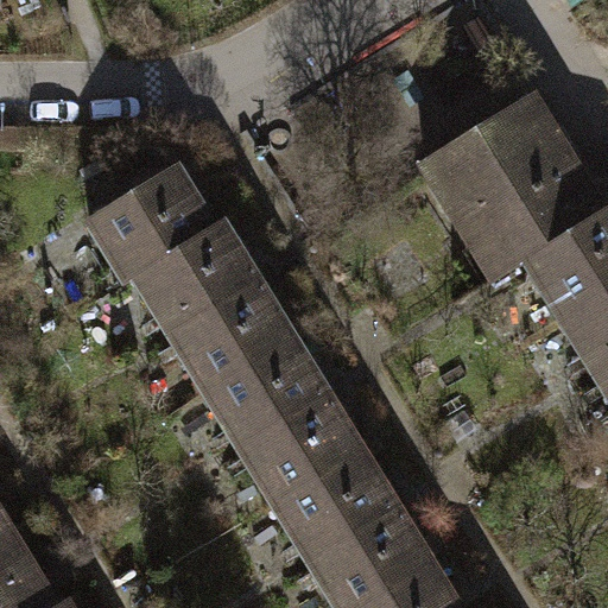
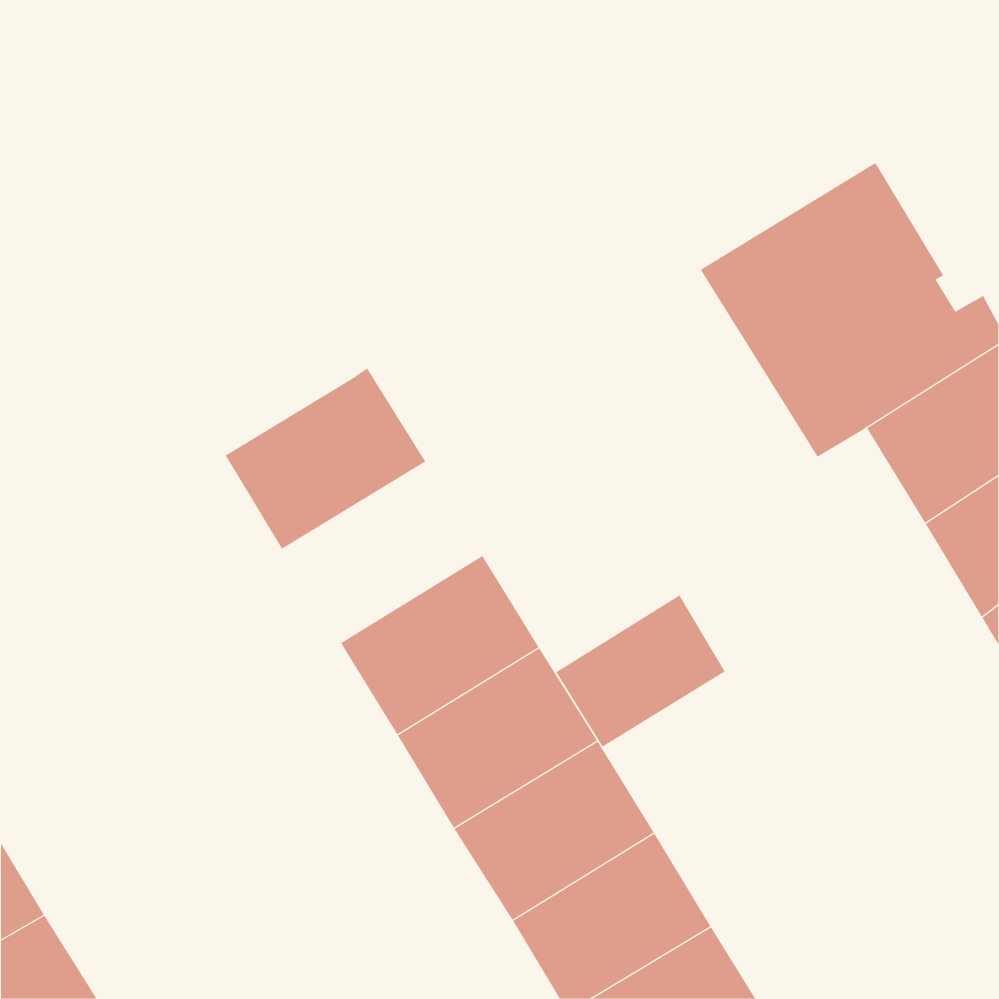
building: [89,167,215,283] -> none
building: [171,280,293,391] -> none
building: none -> [556,594,725,748]

